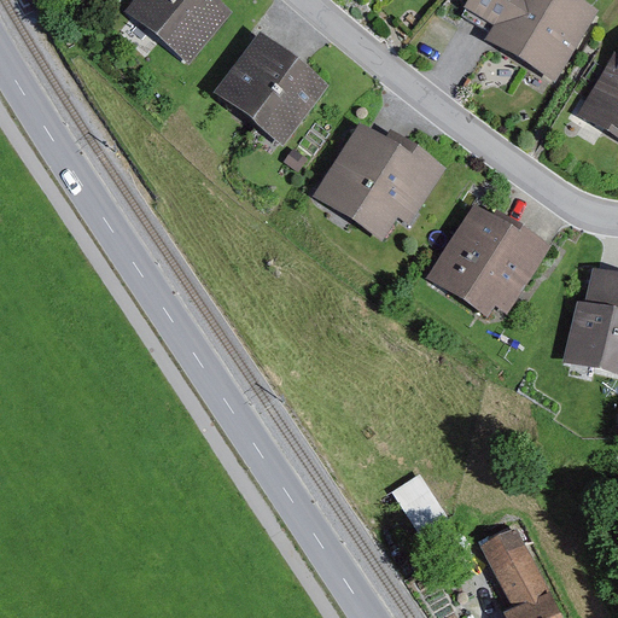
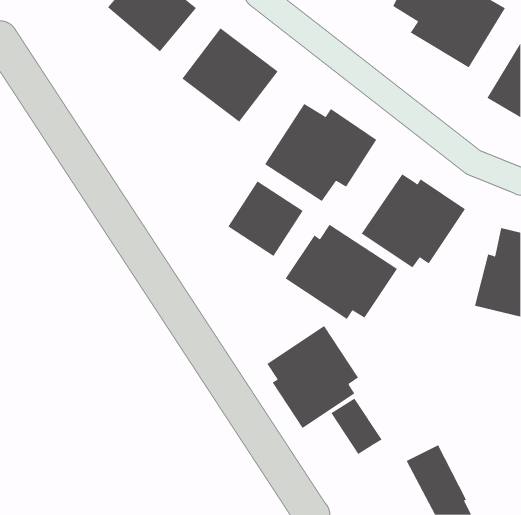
building: none -> [228,181,304,257]
building: none -> [285,224,398,320]
building: none -> [267,325,359,429]

